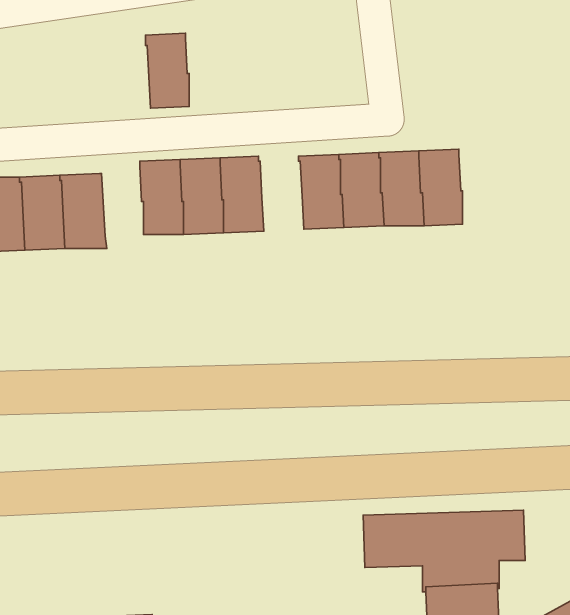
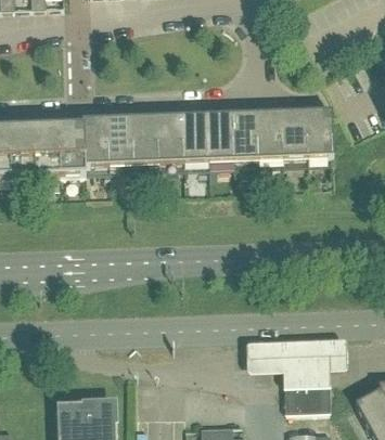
building: [145,33,189,108] -> [81,117,108,164]
building: none -> [305,108,333,156]
building: none -> [180,114,208,160]

